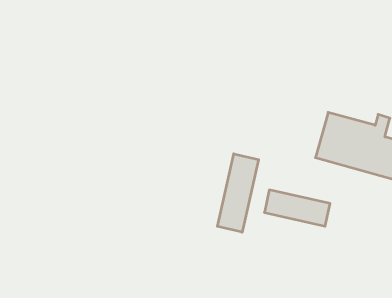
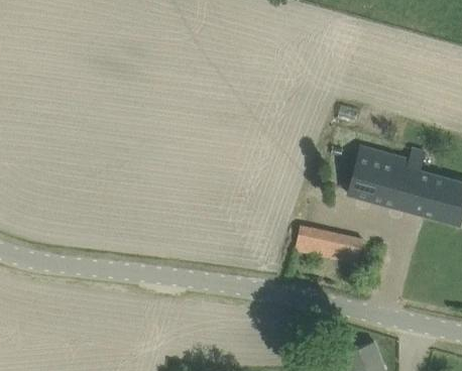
building: [217,154,259,232] -> none

